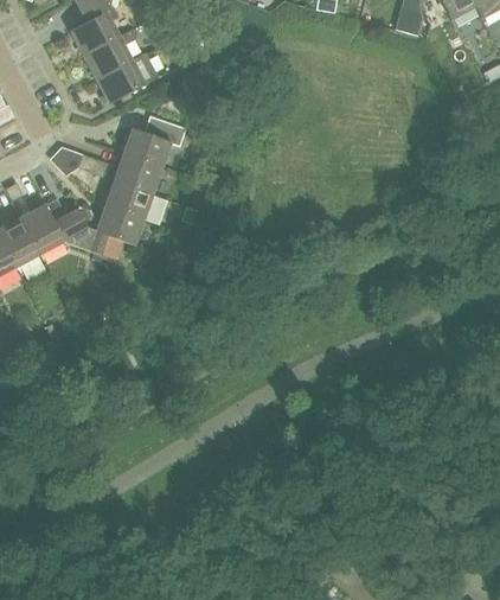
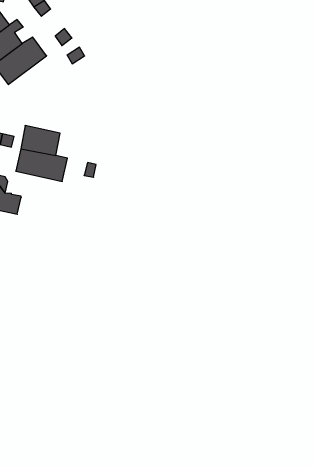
building: [122,114,186,167] -> none
building: [96,204,143,244] -> none

